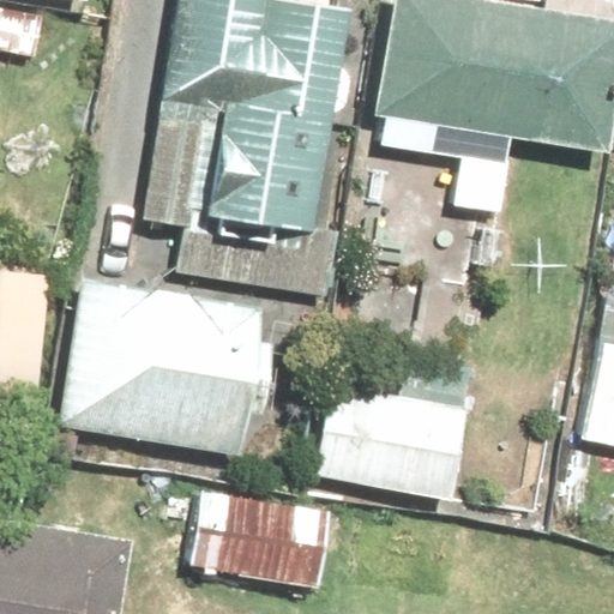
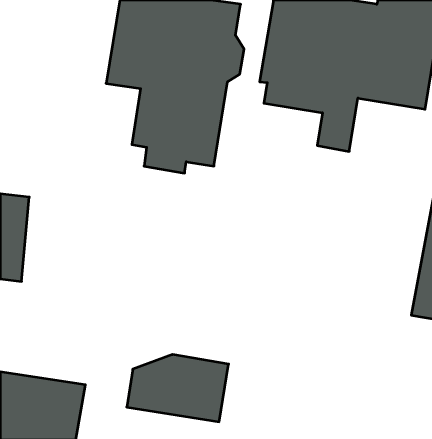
building: [59,276,275,456] -> none
building: [306,356,474,500] -> none

